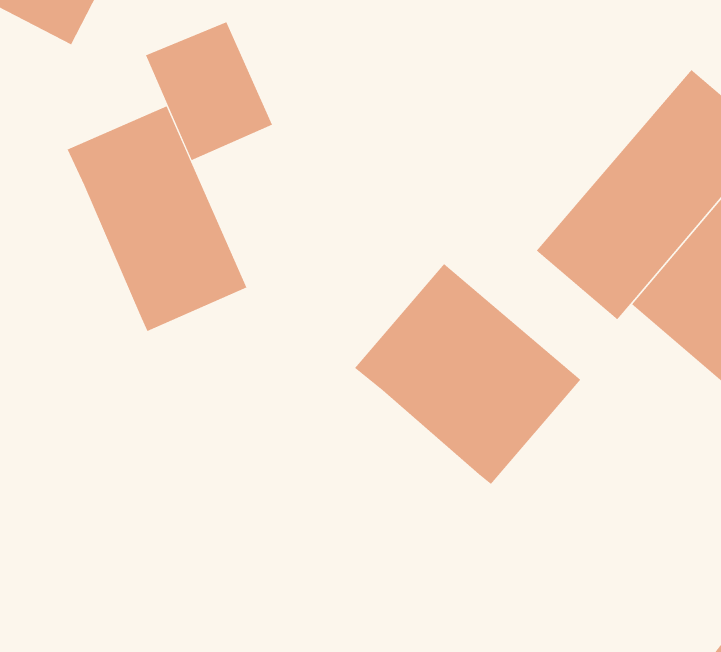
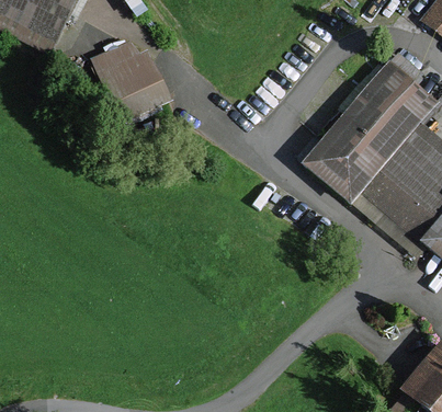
building: [67,105,247,332] -> none
building: [354,263,581,485] -> none

